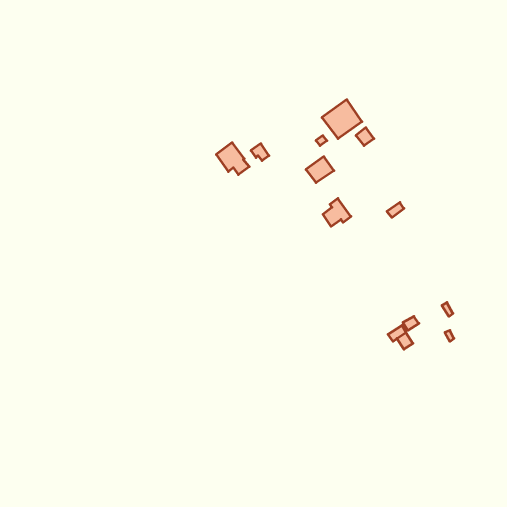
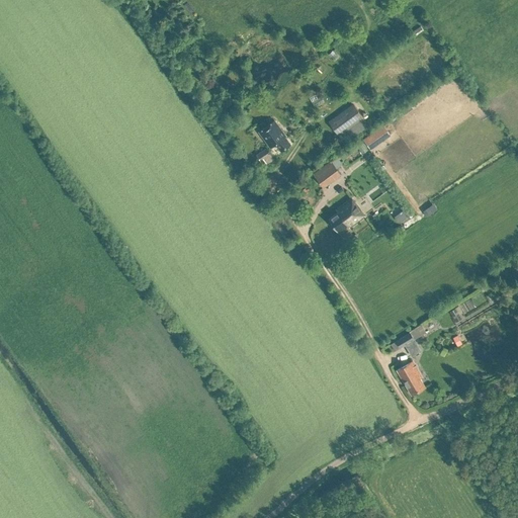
building: [216,143,249,175] -> [259,120,292,153]
building: none -> [399,362,425,396]

